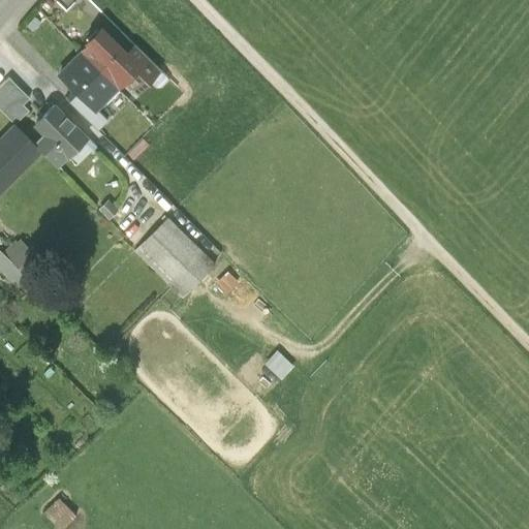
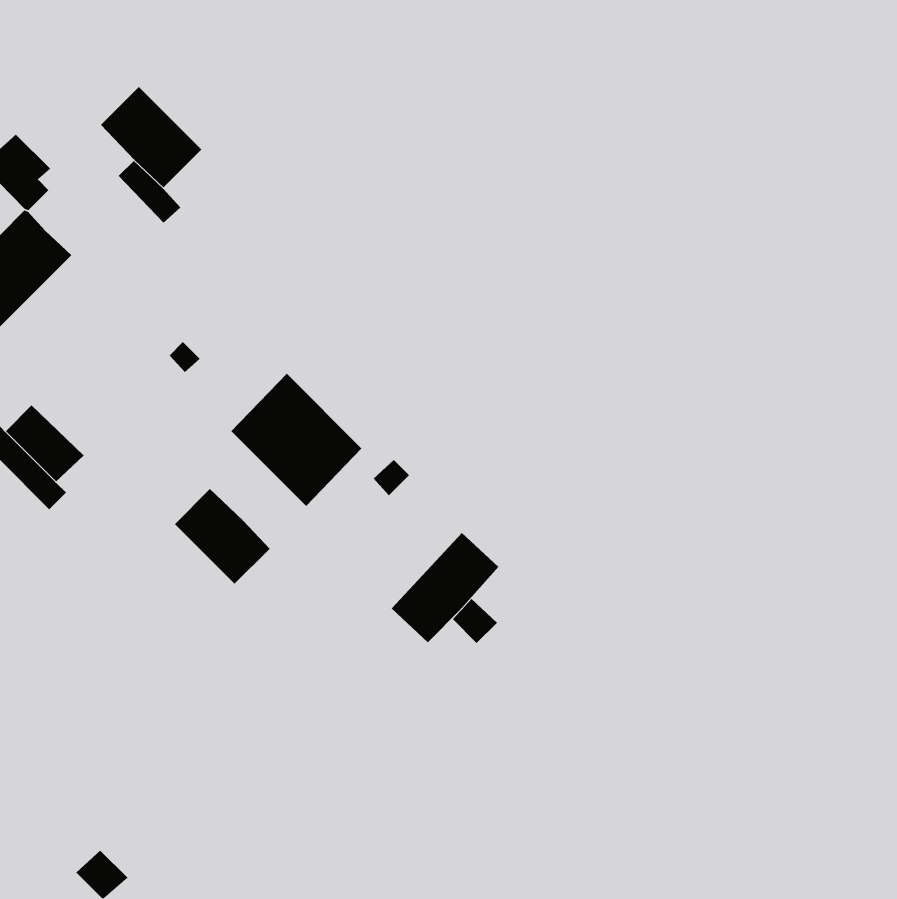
building: [82,28,158,91] -> none
building: [27,106,87,166] -> none
building: none -> [174,488,271,585]
building: none -> [391,532,499,643]

